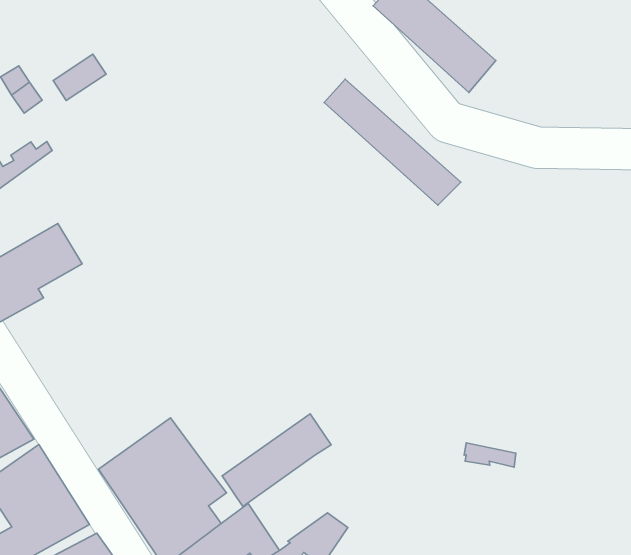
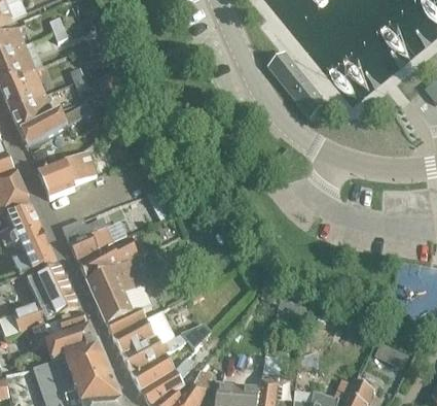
building: [324,79,461,205] -> none
building: none -> [63,216,113,259]
building: [222,414,331,507] -> [79,238,138,280]

